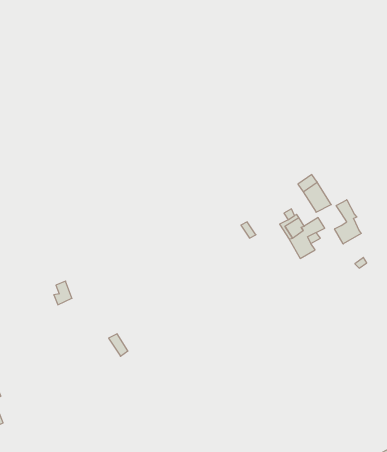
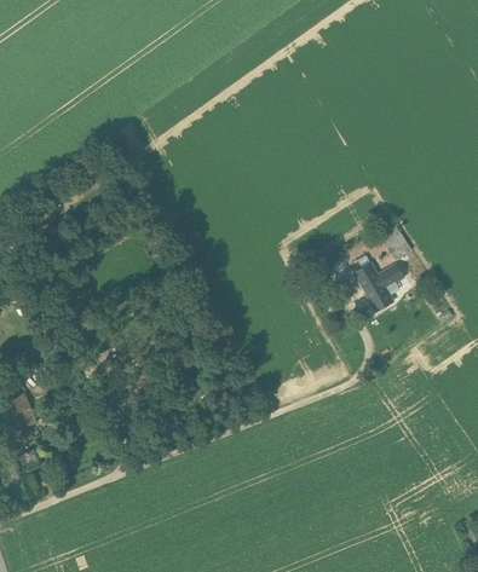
building: [335,200,361,244] -> none

